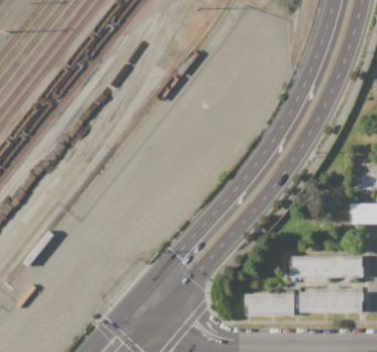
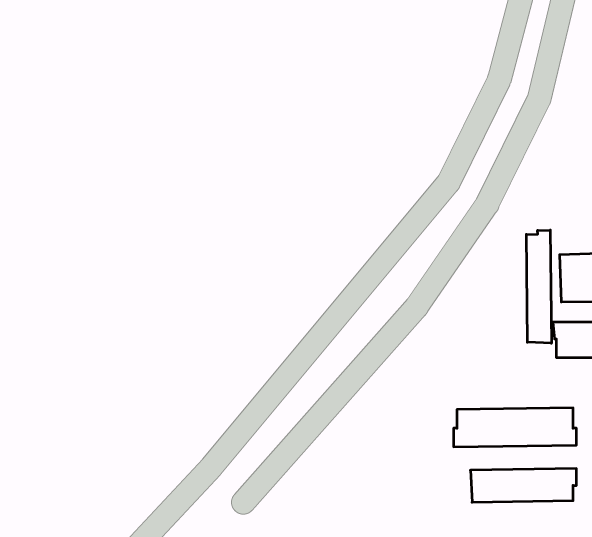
building: none -> [526,230,551,343]
building: [245,293,294,315] -> none

